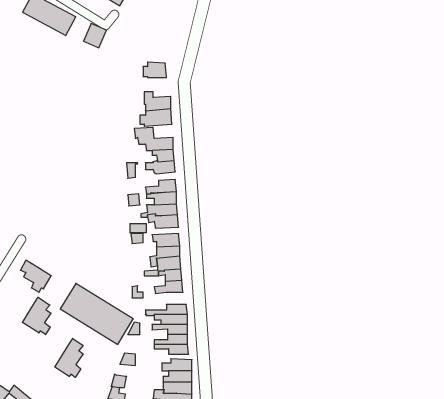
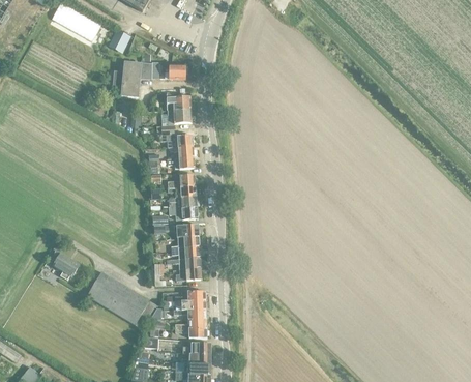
building: none -> [113,62,153,97]
building: [22,297,51,335] -> none
building: [55,338,83,377] -> none

